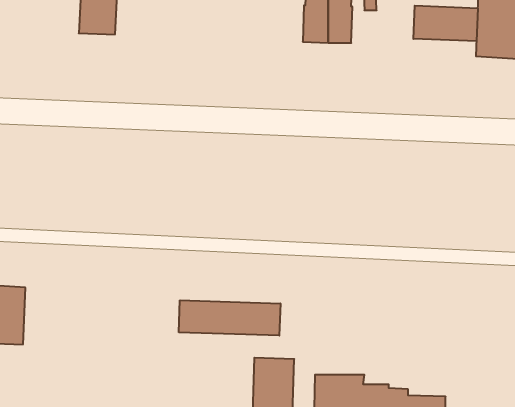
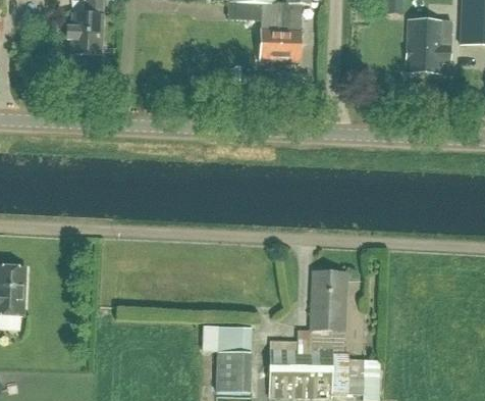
building: [413,6,478,41] -> none
building: none -> [310,270,346,330]
building: [179,300,280,336] -> none

